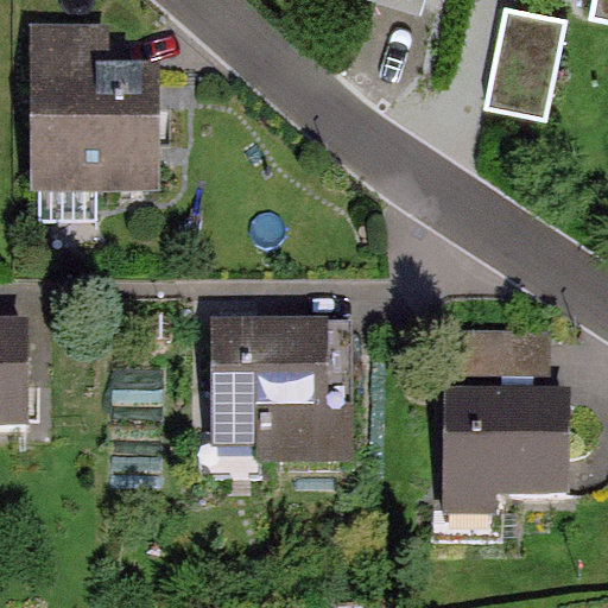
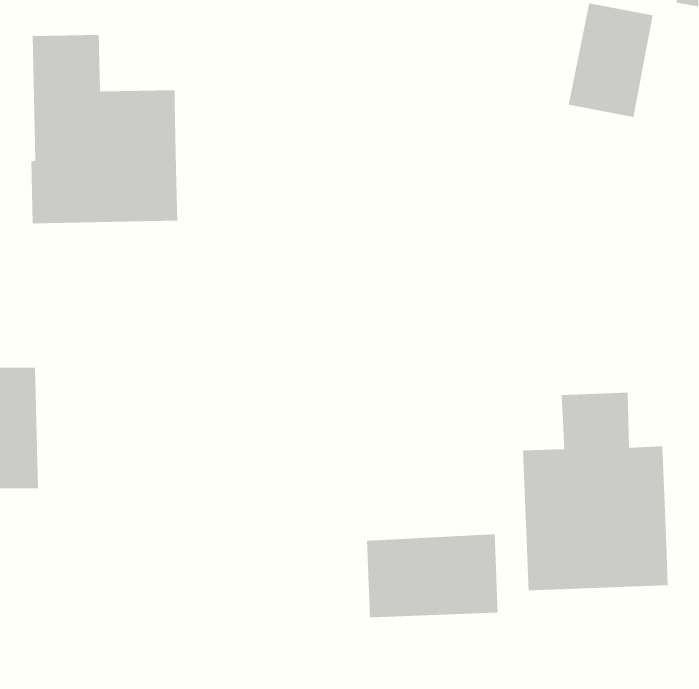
building: [210,322,347,451] -> none
building: none -> [366,534,498,618]

